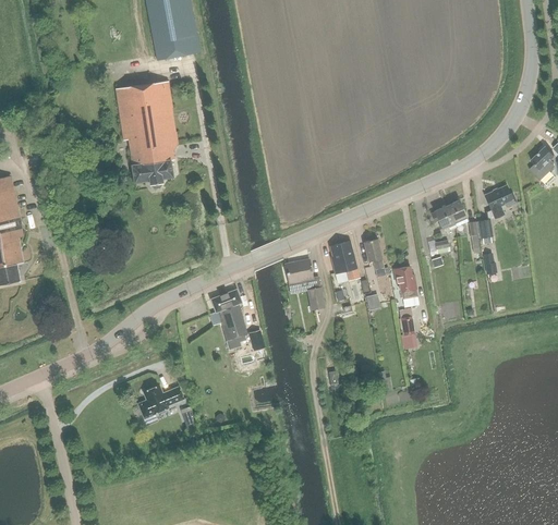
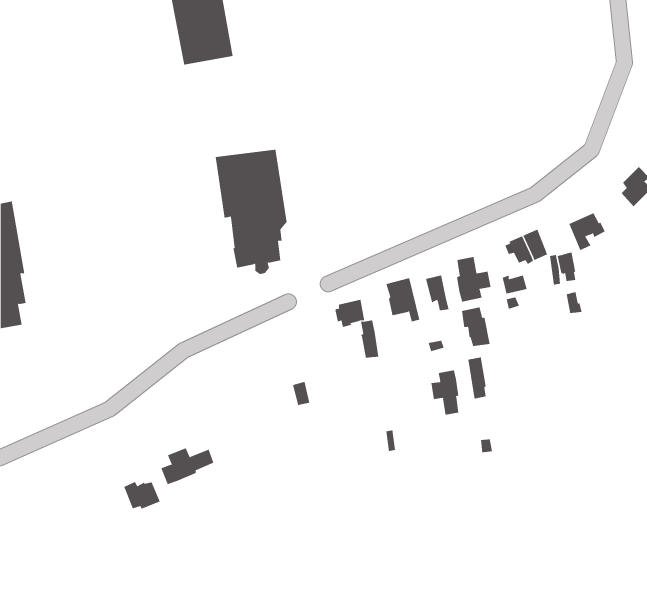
building: [116,82,178,188] -> [215,149,288,275]
building: none -> [457,256,491,302]
building: [210,289,247,341] -> none
building: none -> [431,370,459,416]
building: none -> [124,481,161,510]

